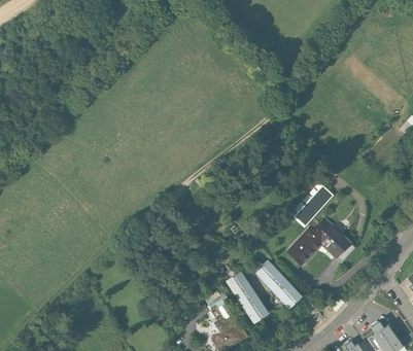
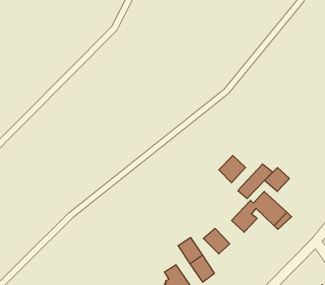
building: none -> [219,156,246,183]
building: none -> [265,168,289,192]
building: [272,278,301,307] -> none

